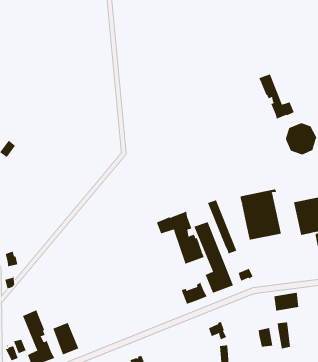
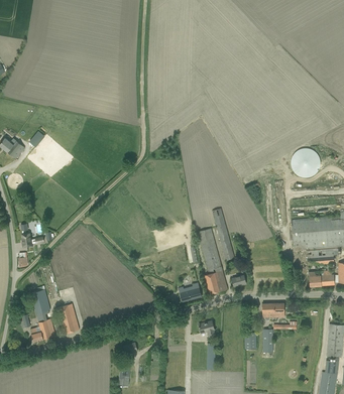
building: [258,73,295,119] -> none
building: [240,188,282,241] -> none
building: [156,211,205,264] -> none

